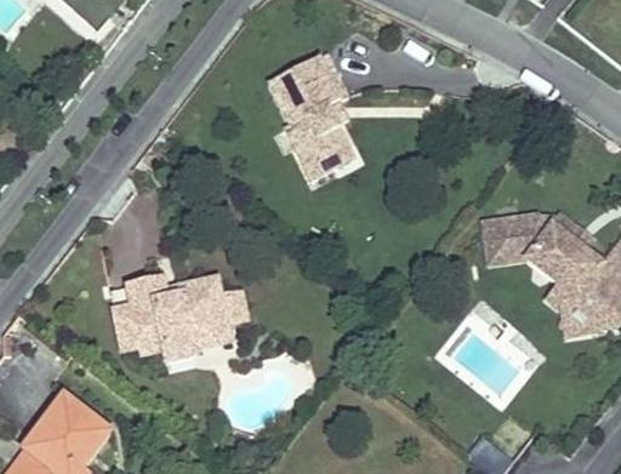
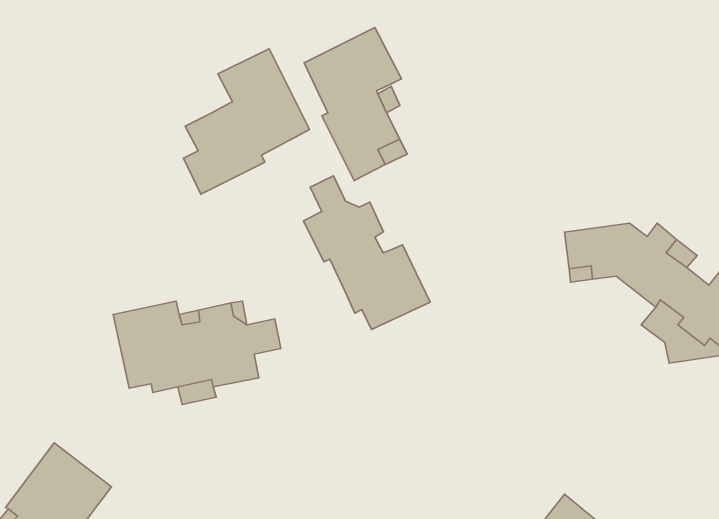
building: none -> [183,49,310,194]
building: none -> [303,176,430,330]

